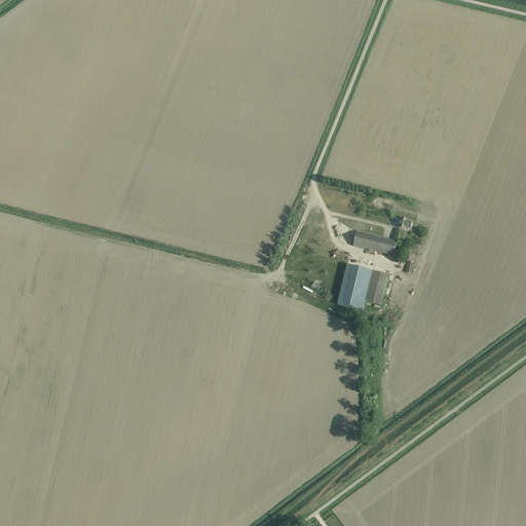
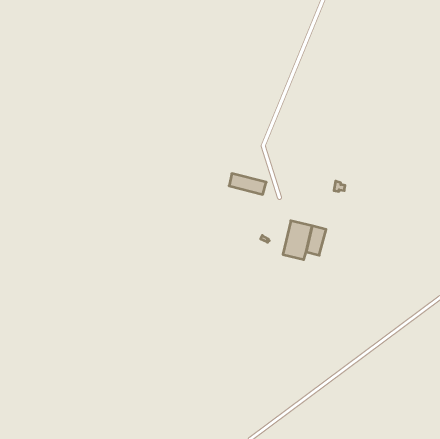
building: [352,230,397,255] -> [229,174,266,194]

